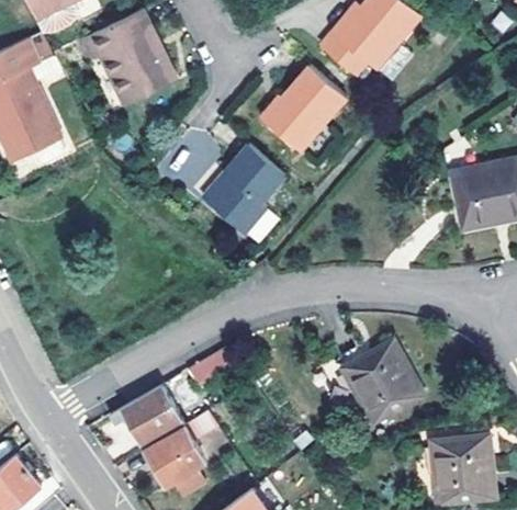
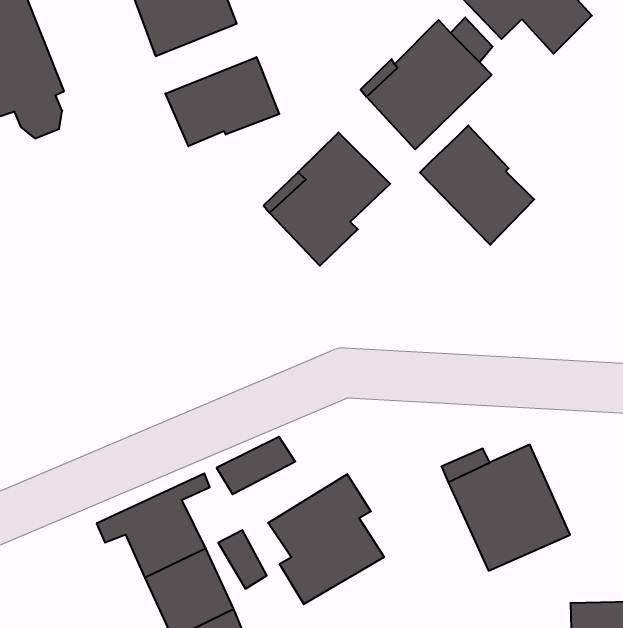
building: none -> [165,57,279,146]
building: none -> [420,125,534,245]
building: none -> [268,474,384,604]

